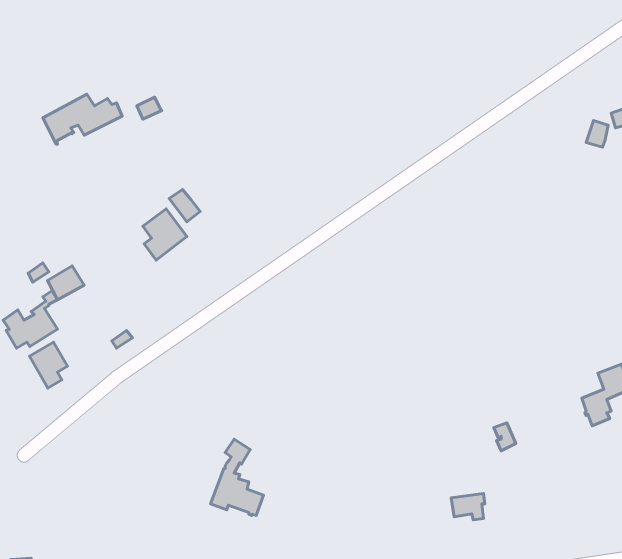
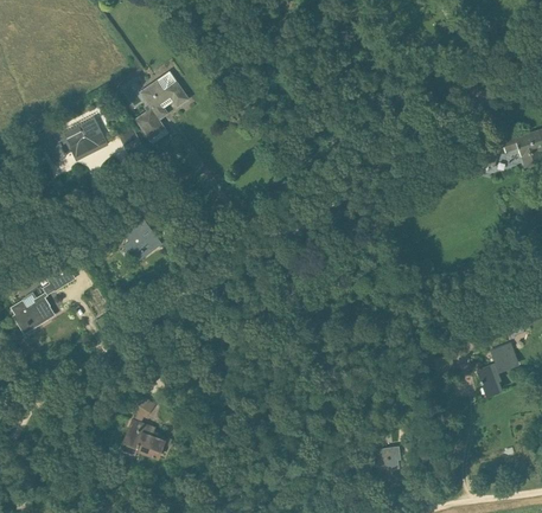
building: none -> [136,71,189,139]
building: [30,342,68,388] -> none
building: [211,439,263,516] -> [122,396,165,457]

